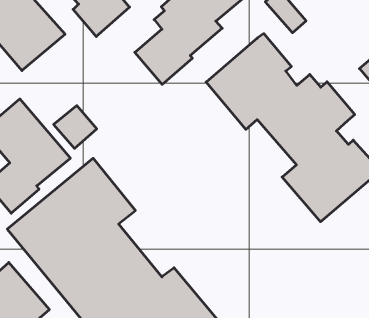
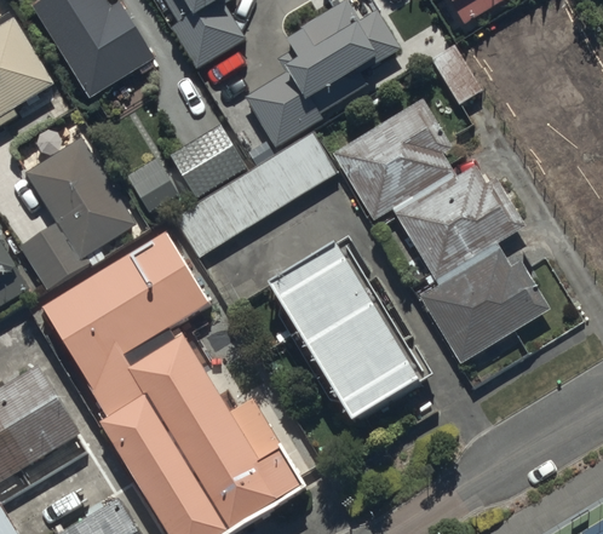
building: none -> [173,132,335,257]
building: none -> [167,121,245,195]
building: none -> [264,234,433,427]

